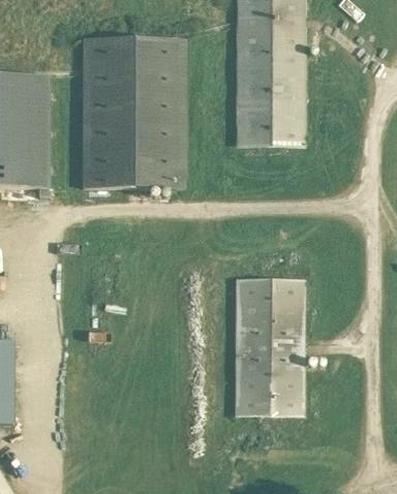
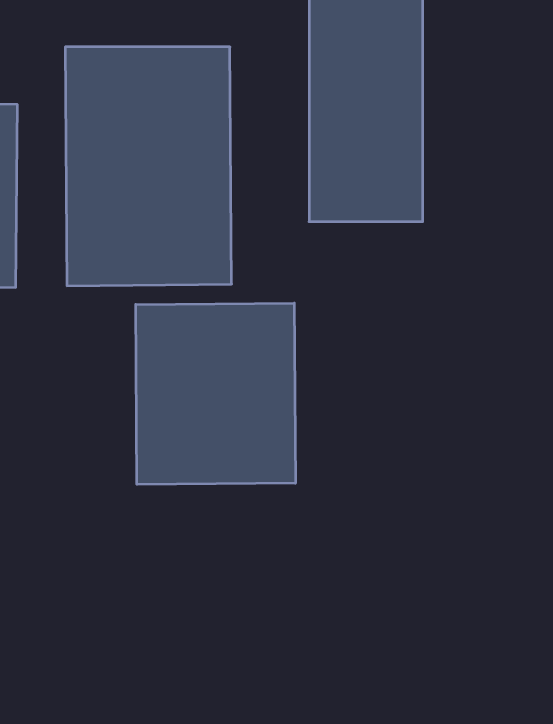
building: none -> [136,303,295,484]
building: [235,277,307,416] -> none

